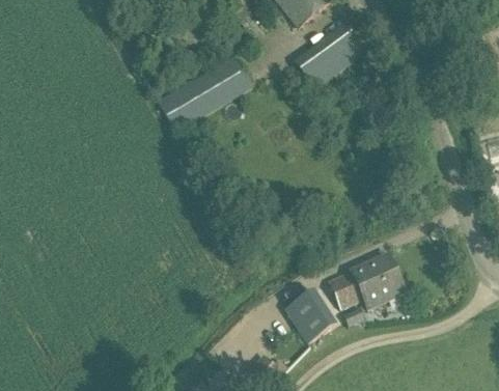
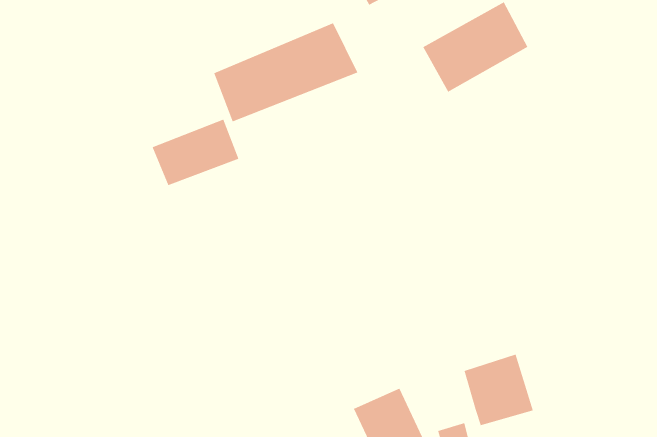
building: none -> [151,118,240,186]
building: [329,272,365,307] -> none

